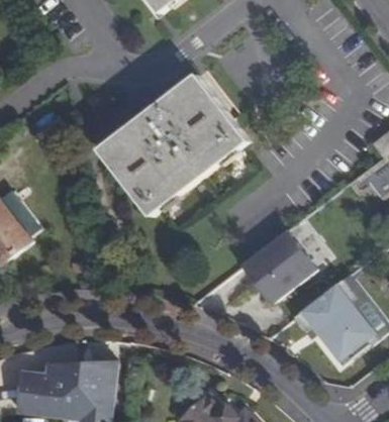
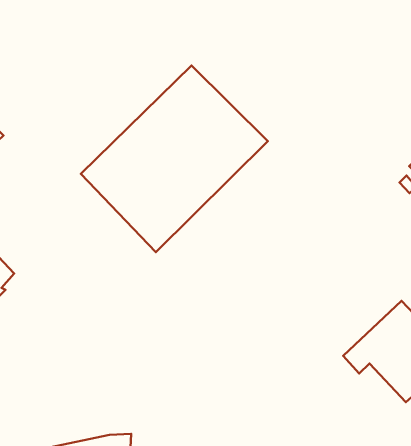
building: [237,231,311,304] -> none

